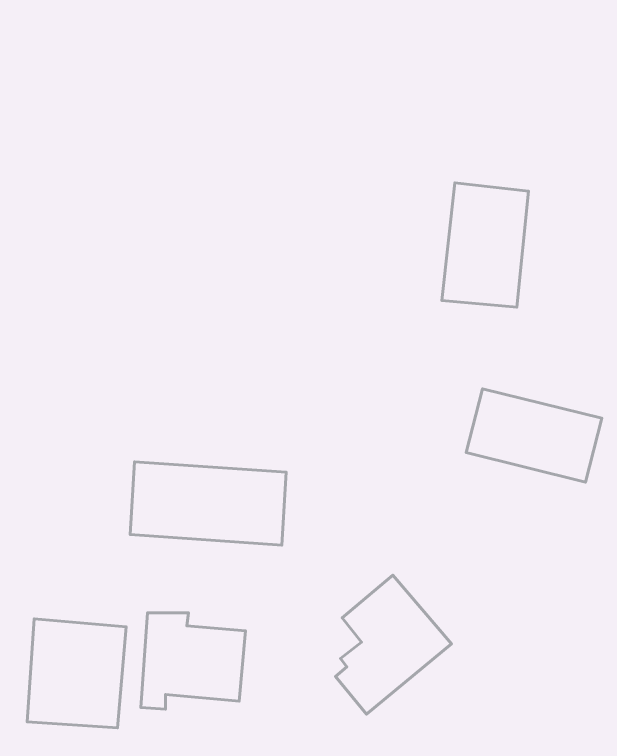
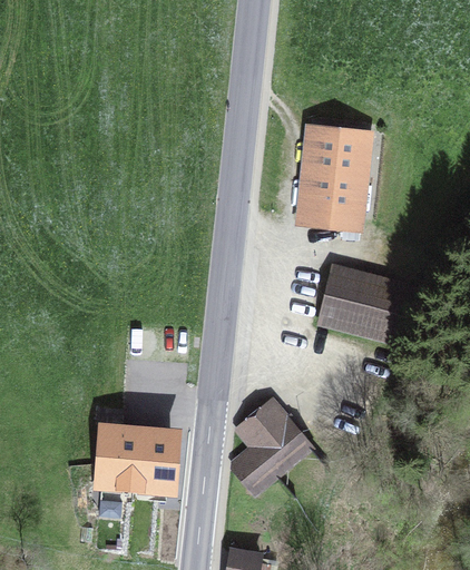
building: [130,462,286,545] -> none
building: [27,619,126,728] -> none

